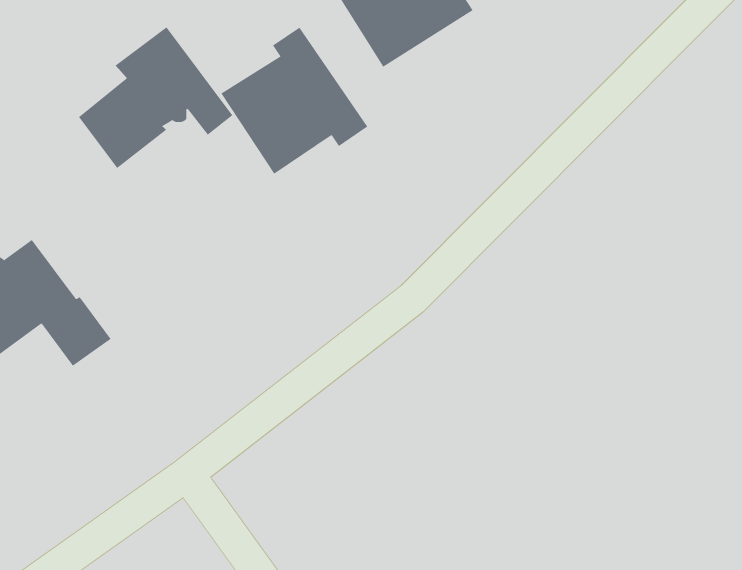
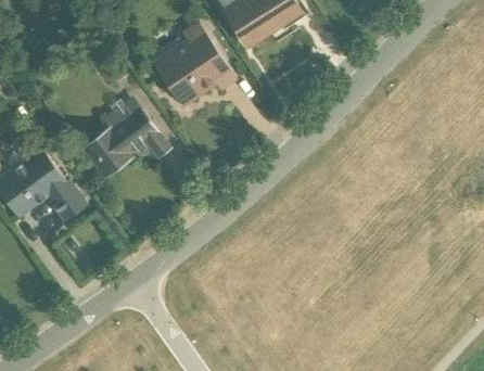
building: [78,27,233,169] -> [80,95,171,179]

